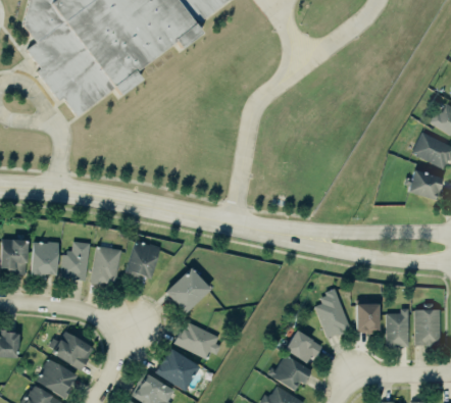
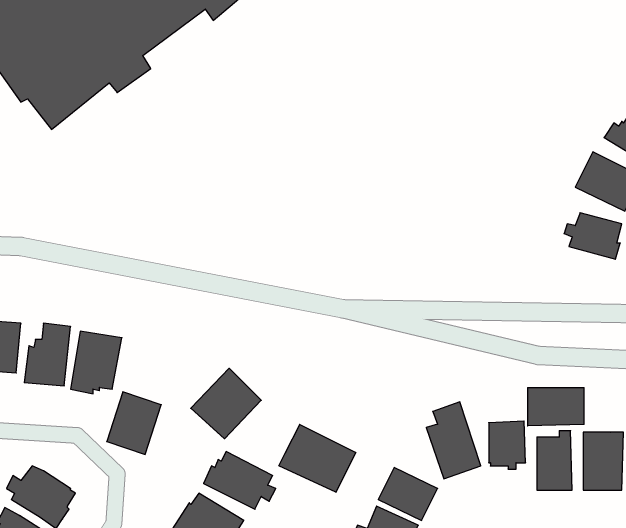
building: [127,240,161,280] -> [107,392,161,454]
building: none -> [528,388,584,426]
building: none -> [279,424,356,492]

